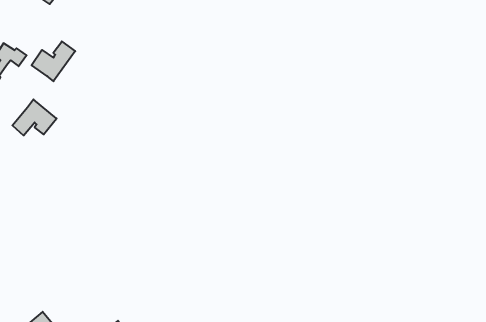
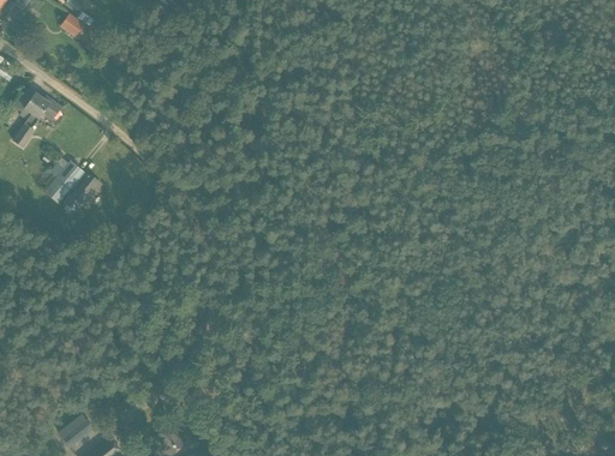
building: [32,41,75,81] -> none

